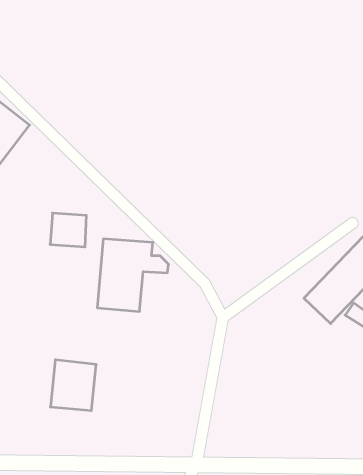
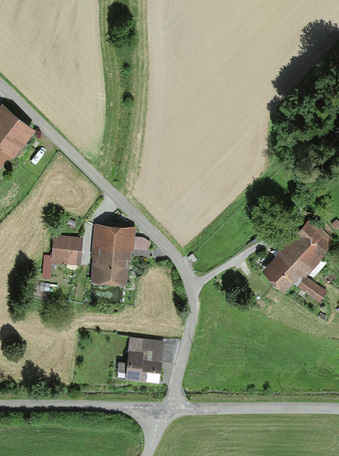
building: [50,213,86,247] -> [51,236,81,264]
building: [50,360,96,411] -> [125,337,163,380]

